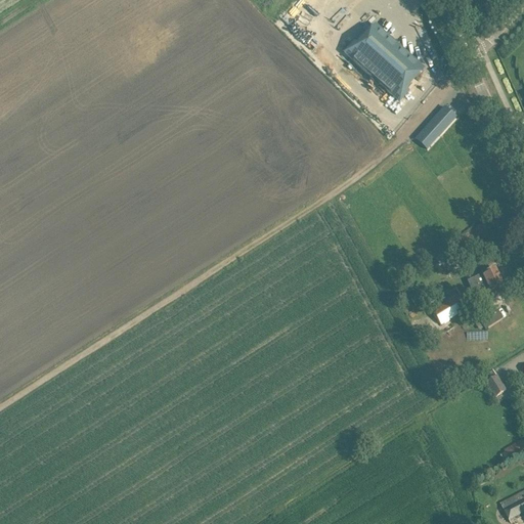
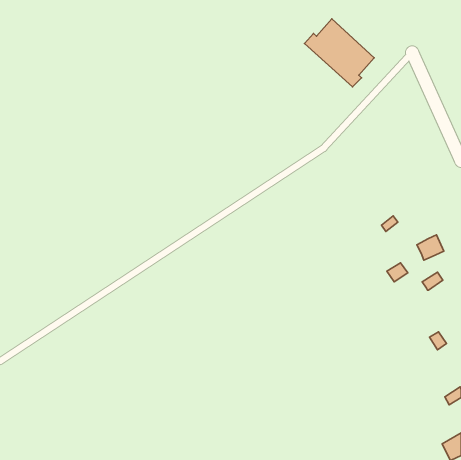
building: [414,106,454,147] -> none

